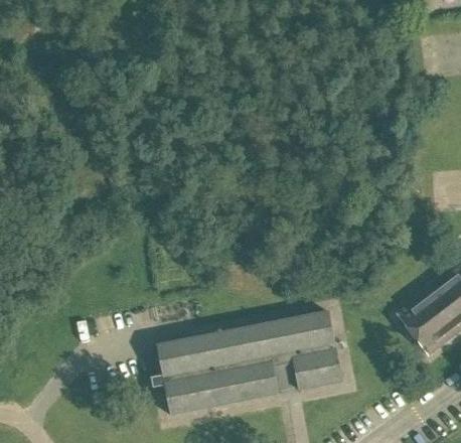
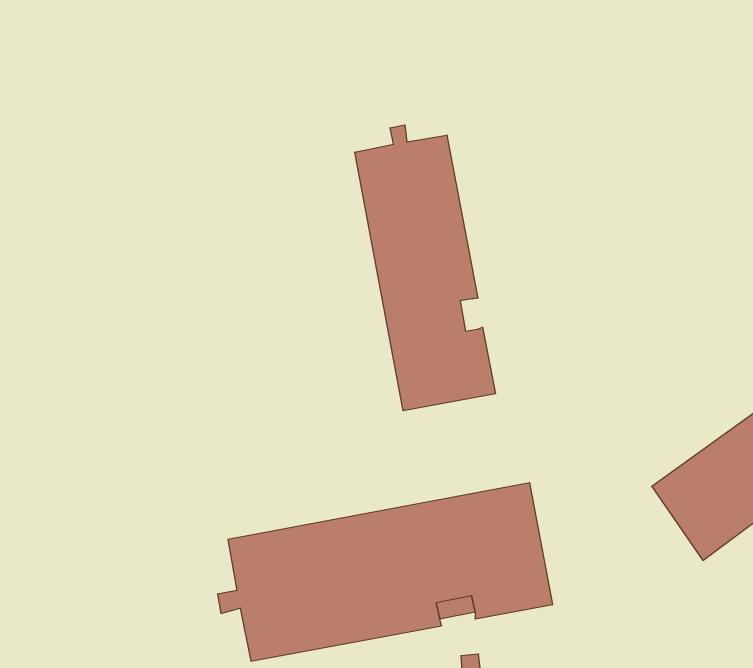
building: none -> [355,125,495,411]

